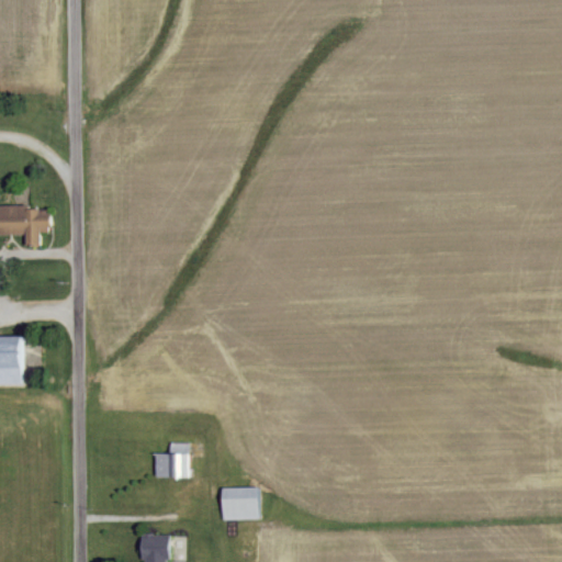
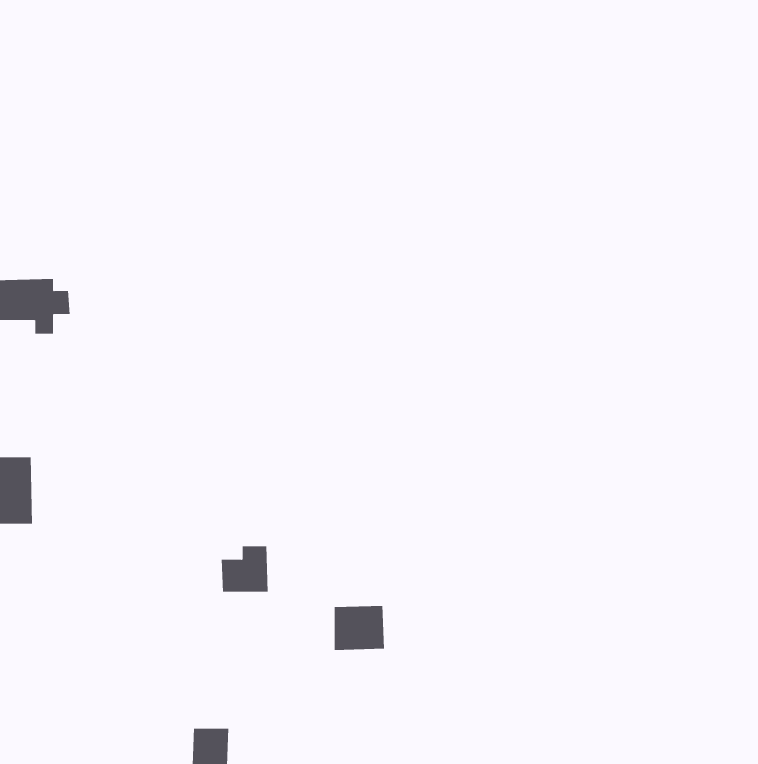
building: [155,443,190,477] -> [221,546,269,592]
building: [222,487,259,520] -> [334,605,385,650]

